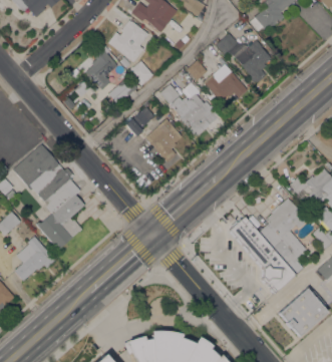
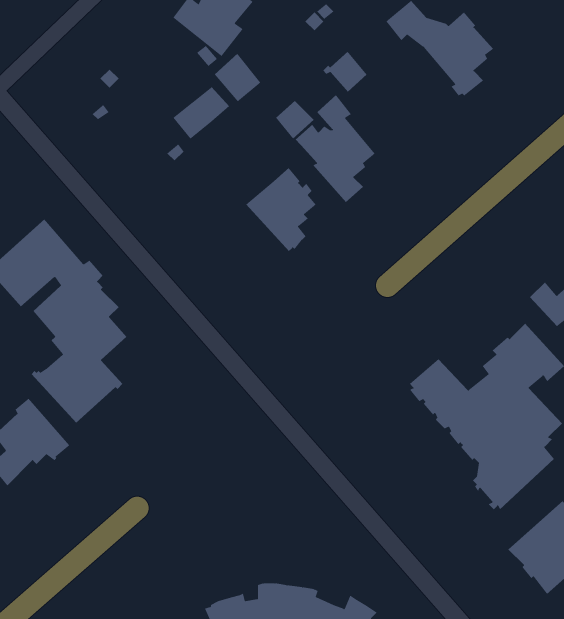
building: [86,45,118,89] -> none
building: [204,64,248,102] -> none
building: [126,106,154,136] -> none

